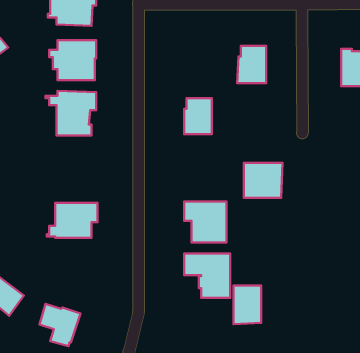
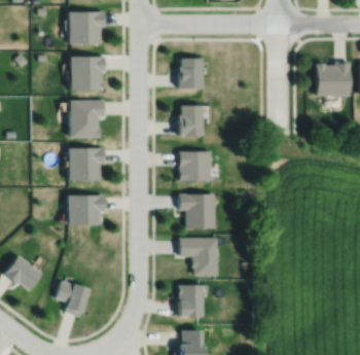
building: [237,46,266,83] -> [179,57,204,88]
building: none -> [70,147,105,180]
building: [244,163,282,198] -> [180,151,213,181]
building: [233,286,261,324] -> [180,285,204,318]

